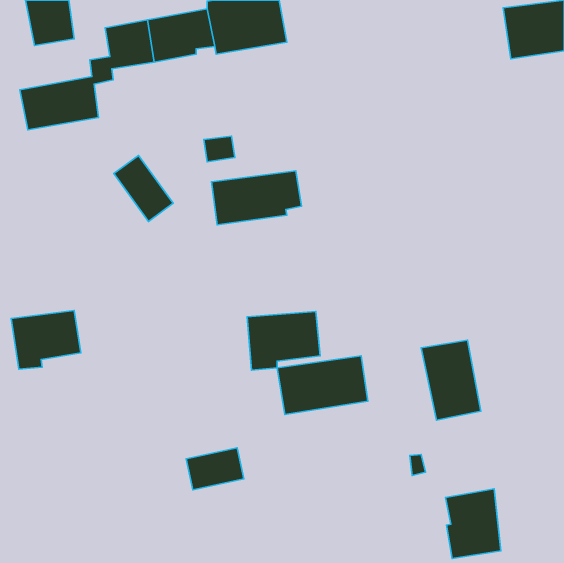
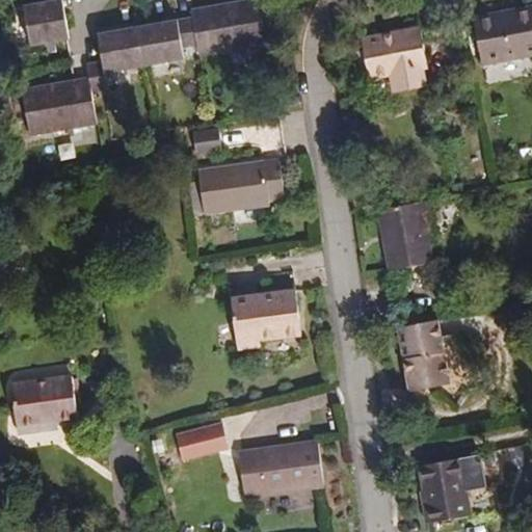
building: none -> [364,28,430,90]
building: [114,155,173,221] -> none
building: none -> [381,202,435,269]
building: [11,311,81,369] -> [11,378,77,433]
building: [277,356,368,414] -> [235,443,320,498]

